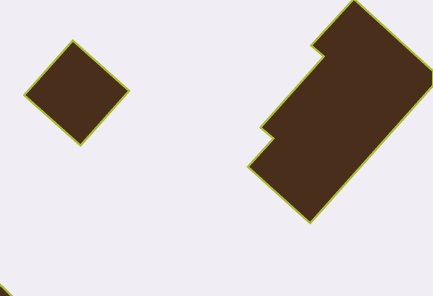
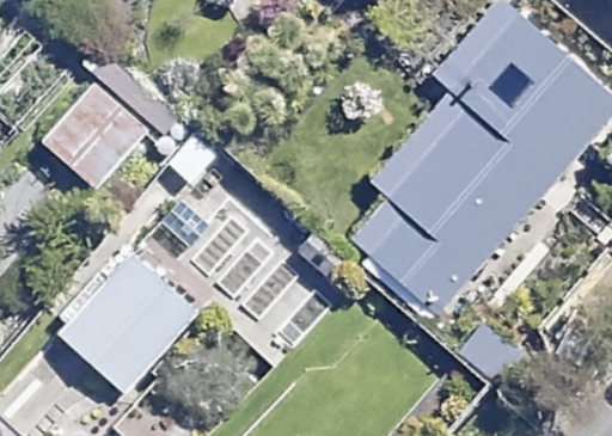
building: none -> [54,246,200,393]

